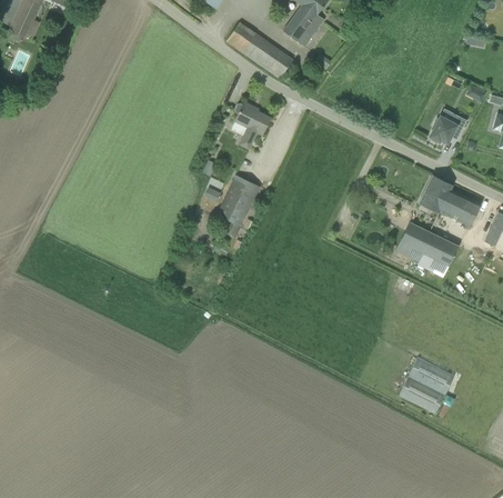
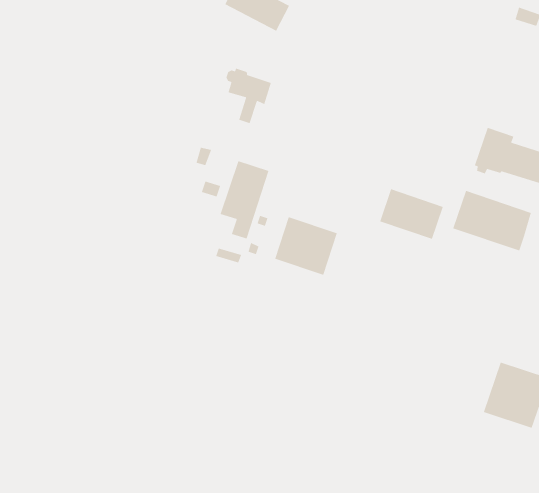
building: [430,116,467,142] -> none
building: none -> [379,188,444,240]
building: none -> [274,216,338,276]

